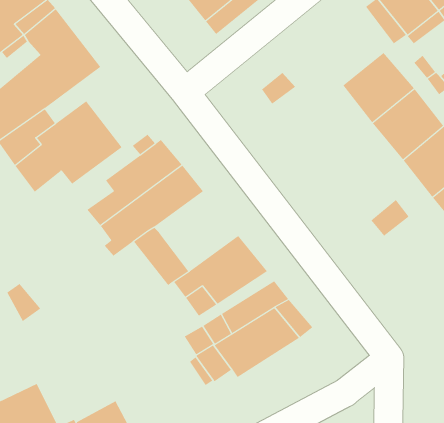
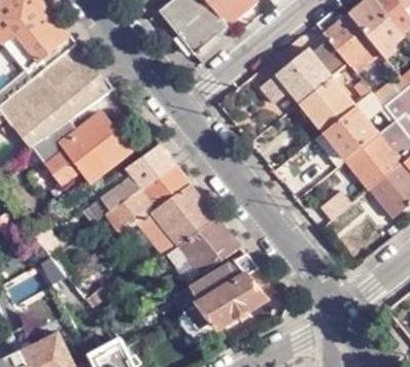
building: none -> [274,48,330,103]
building: none -> [152,185,217,246]

